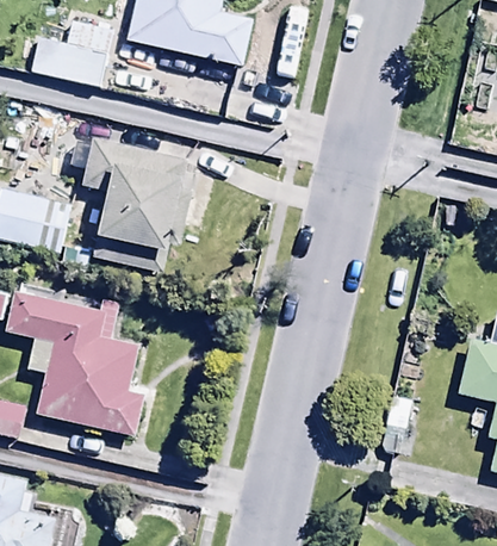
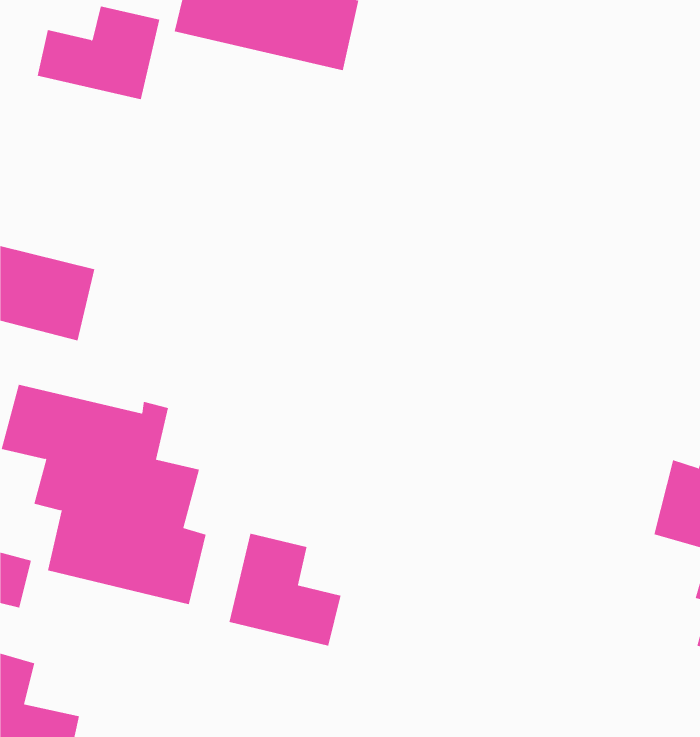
building: [60,126,193,273] -> none
building: none -> [229,533,341,646]

